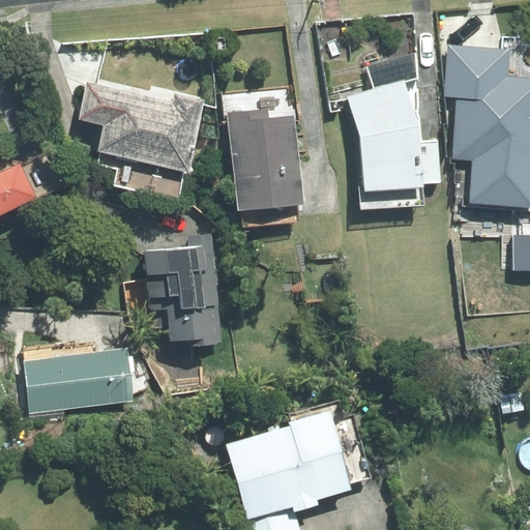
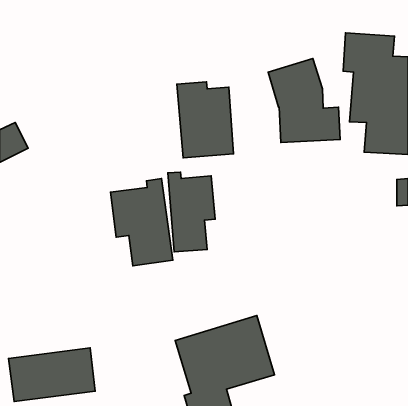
building: [79,83,204,172] -> none
building: none -> [168,172,215,252]
building: [23,347,135,416] -> [9,348,95,402]

